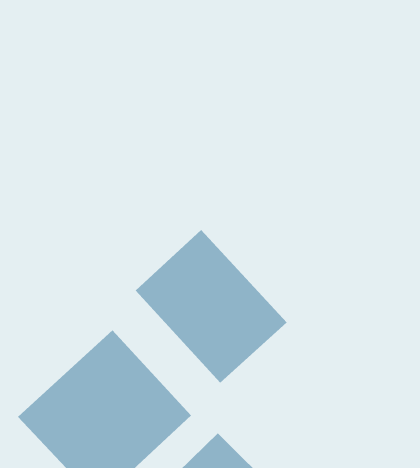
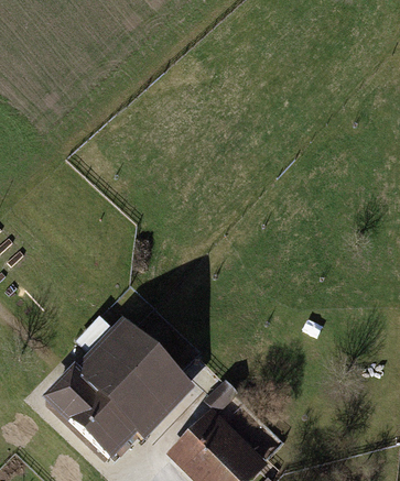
building: [135,229,288,383] -> none

